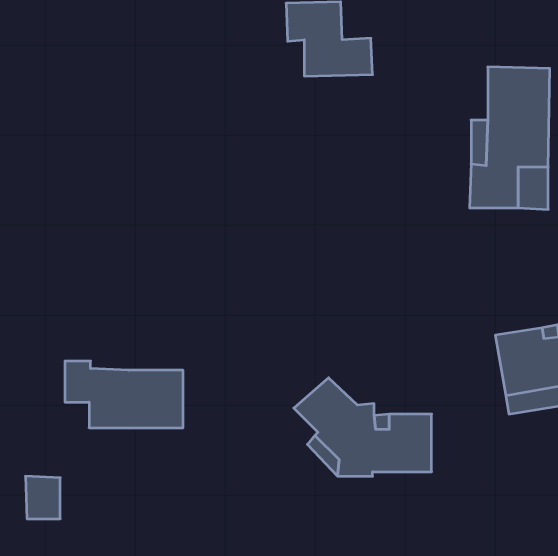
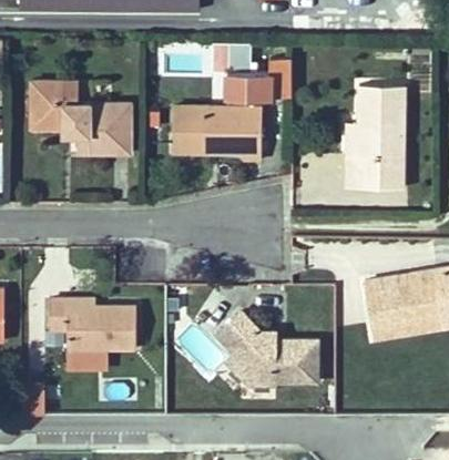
building: none -> [31,81,131,154]
building: none -> [173,105,263,160]

